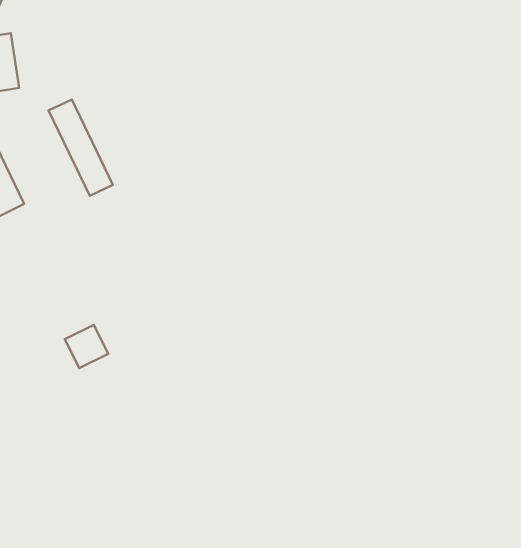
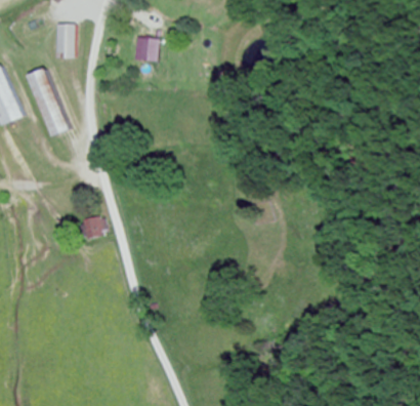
building: none -> [137,36,162,62]
building: [48,100,113,196] -> none

